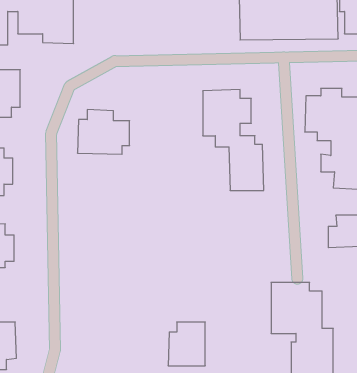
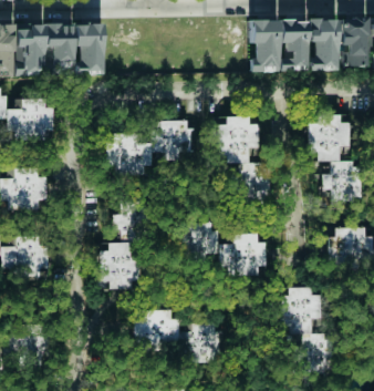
building: none -> [152,121,191,161]
building: none -> [100,203,153,290]
building: none -> [179,223,266,277]
building: none -> [134,310,180,352]

